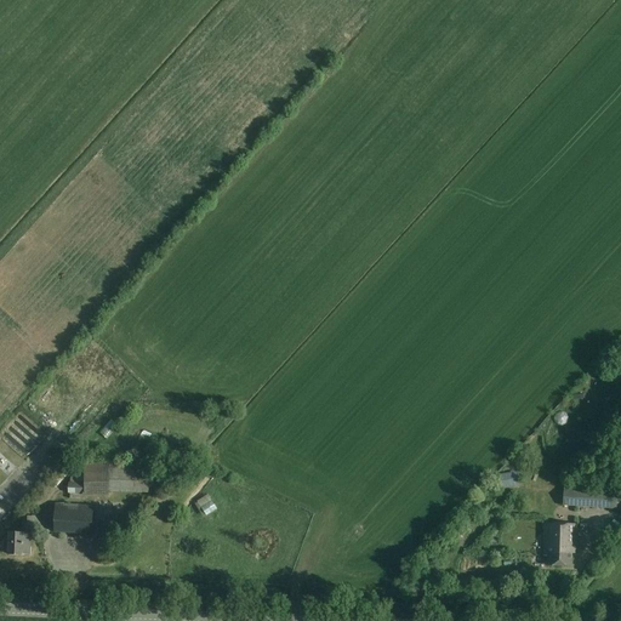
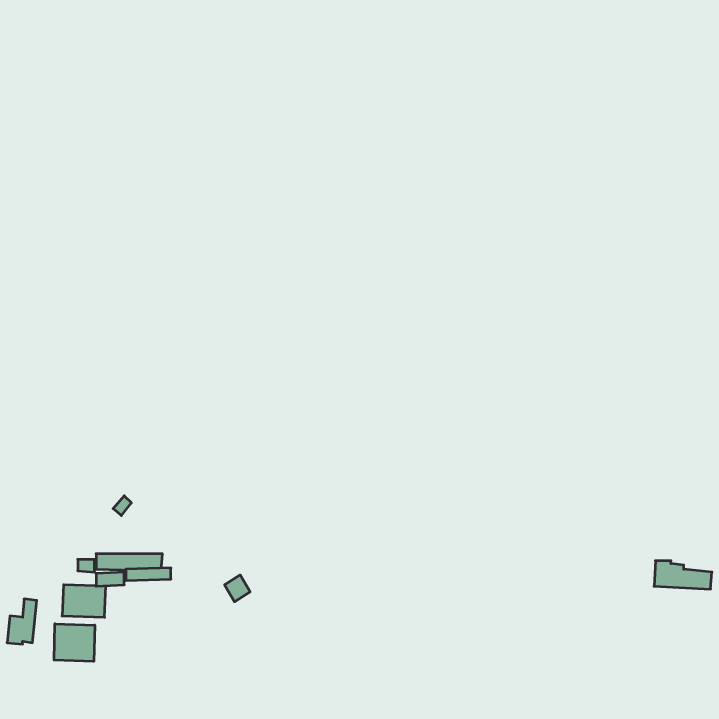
building: [542,520,575,563] -> none
building: none -> [54,624,95,661]

